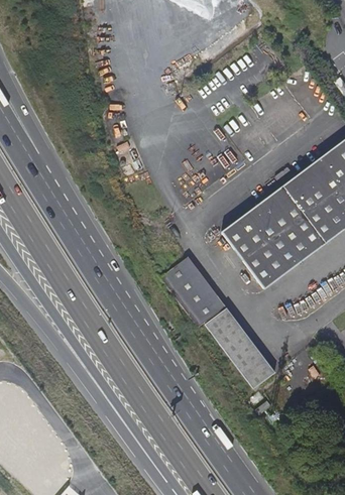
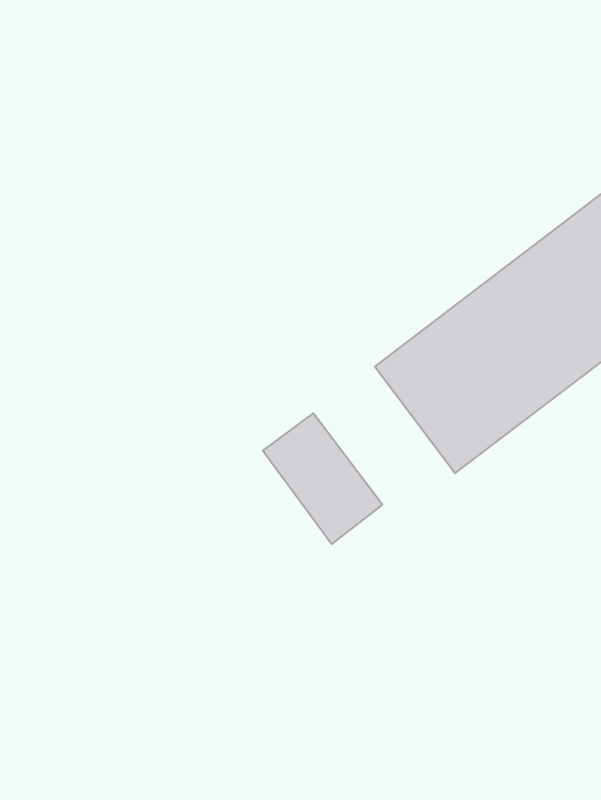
building: [205,307,274,388] -> none

